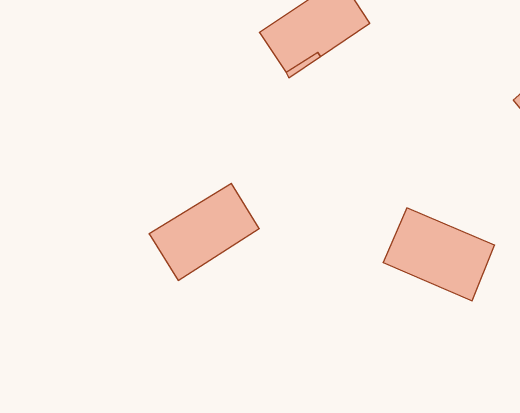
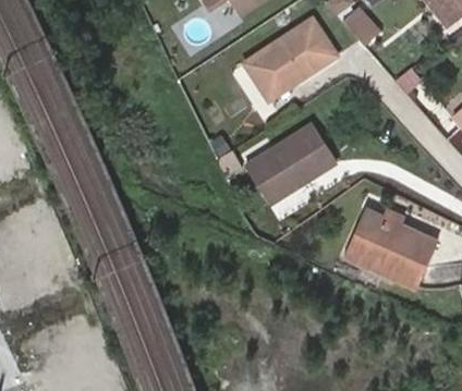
building: [149,183,259,280] -> [244,125,335,205]

